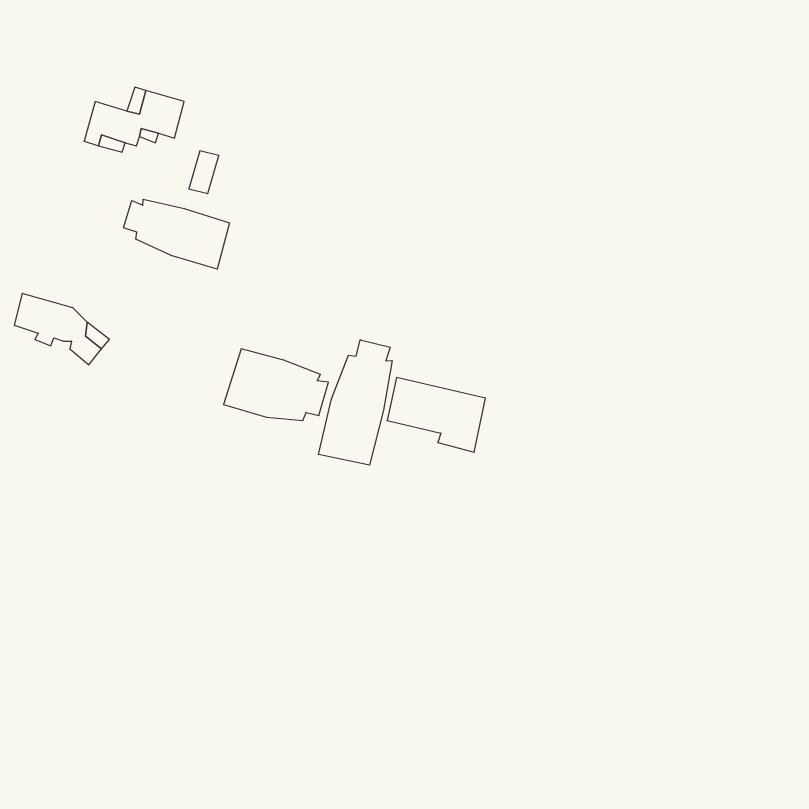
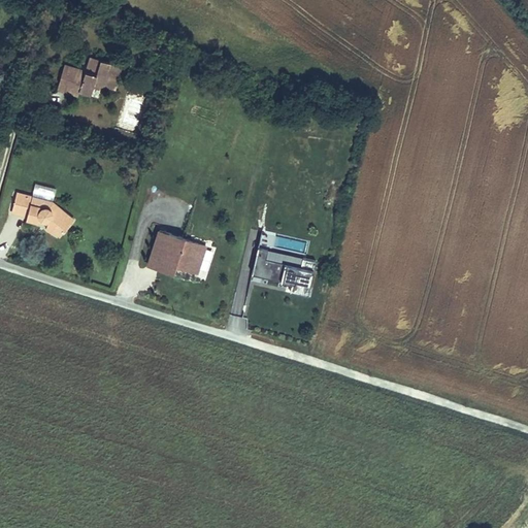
building: [124,199,230,269] -> none
building: [319,340,392,465] -> none

